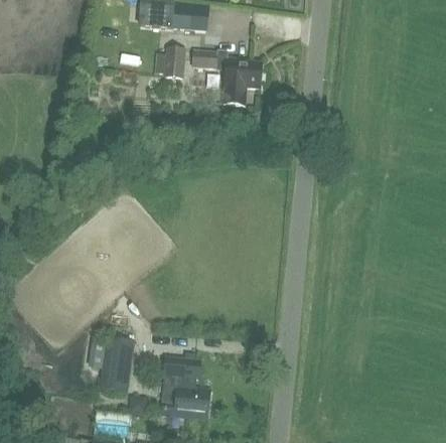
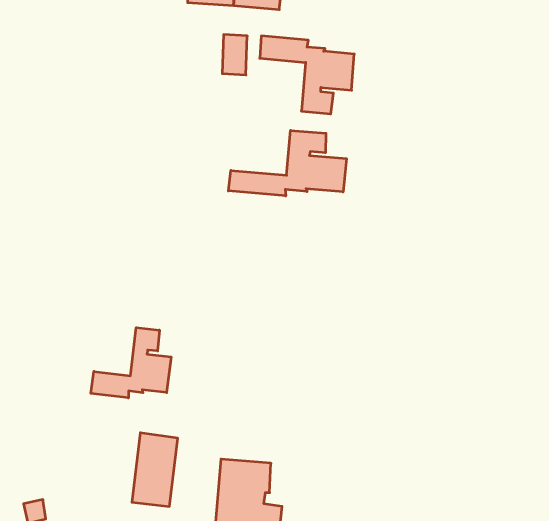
building: none -> [228,130,346,196]
building: none -> [91,328,171,398]

